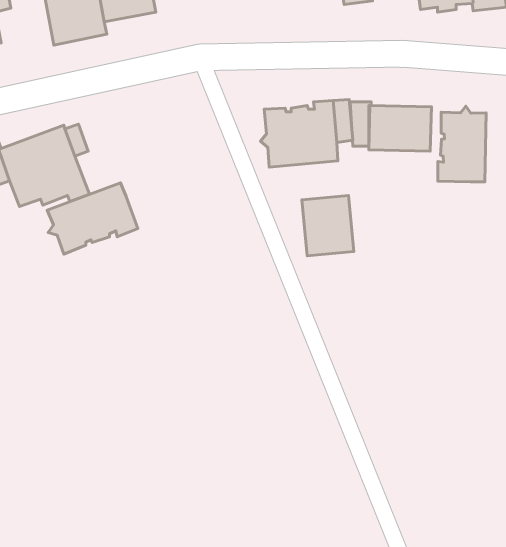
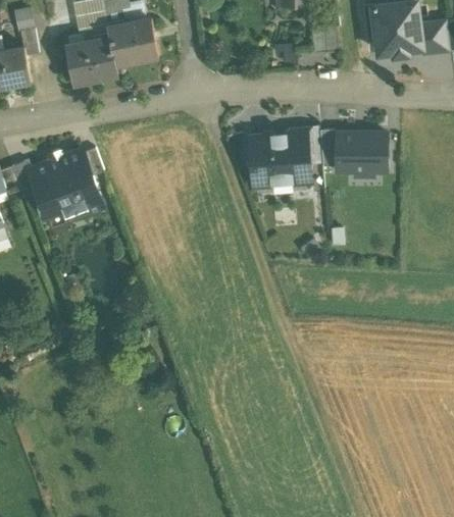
building: [438,106,486,182] -> none
building: [47,183,138,254] -> none
building: [302,196,354,256] -> none

